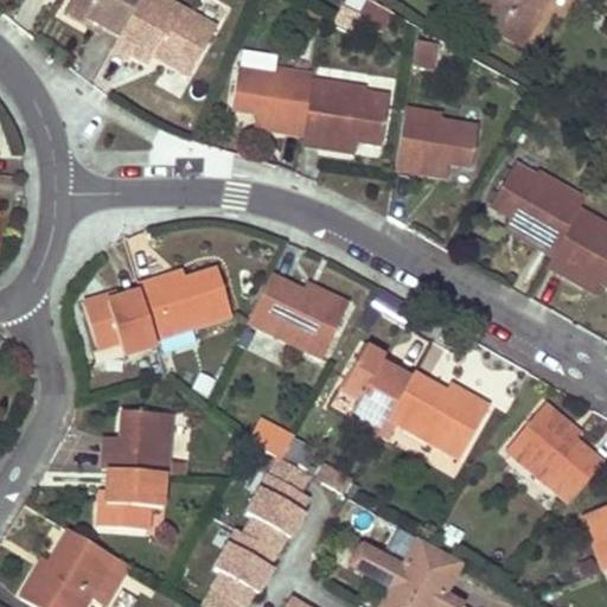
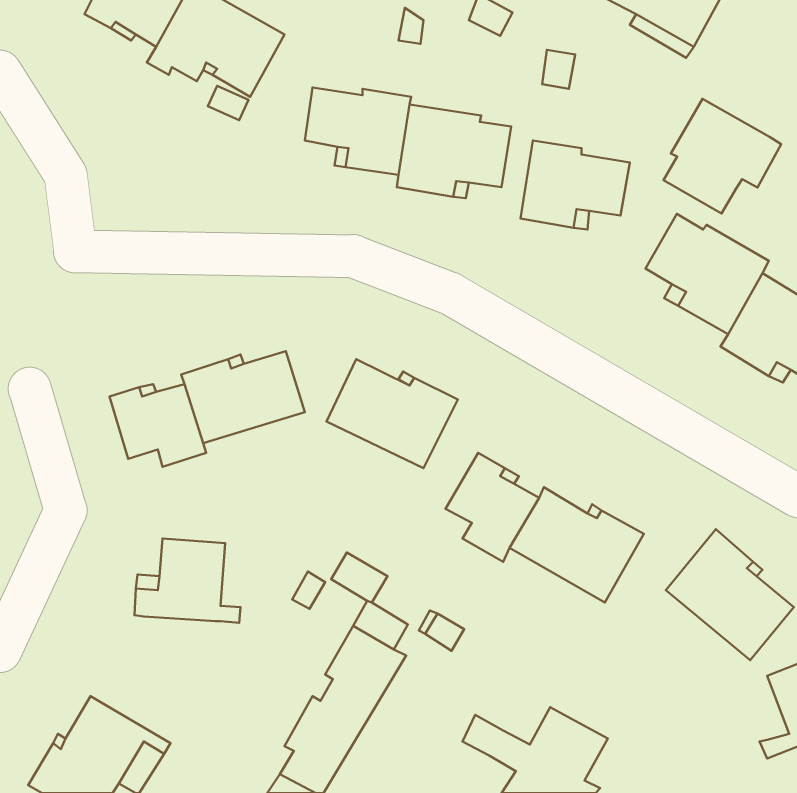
building: none -> [664,99,781,213]
building: [100,468,165,528] -> none

